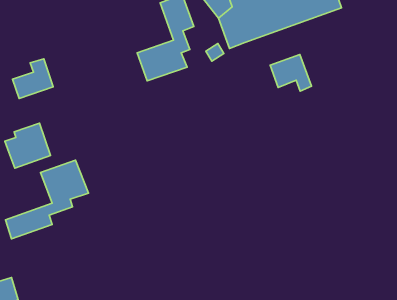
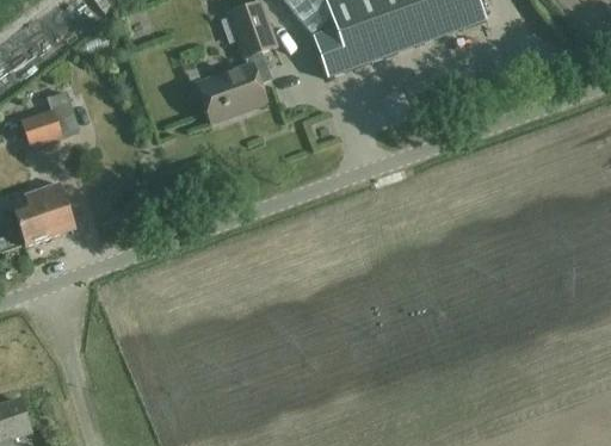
building: [270,54,312,91] -> none
building: [5,160,89,239] -> none

